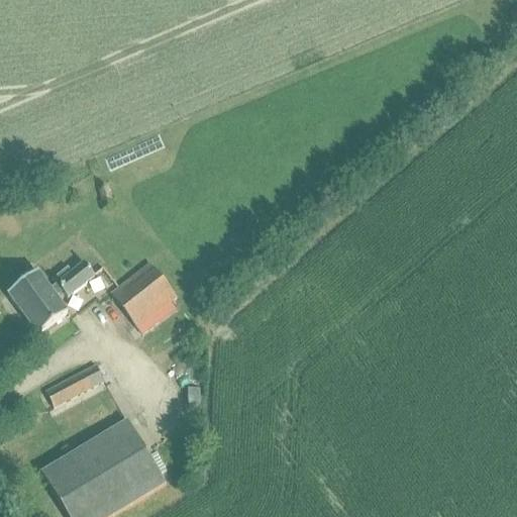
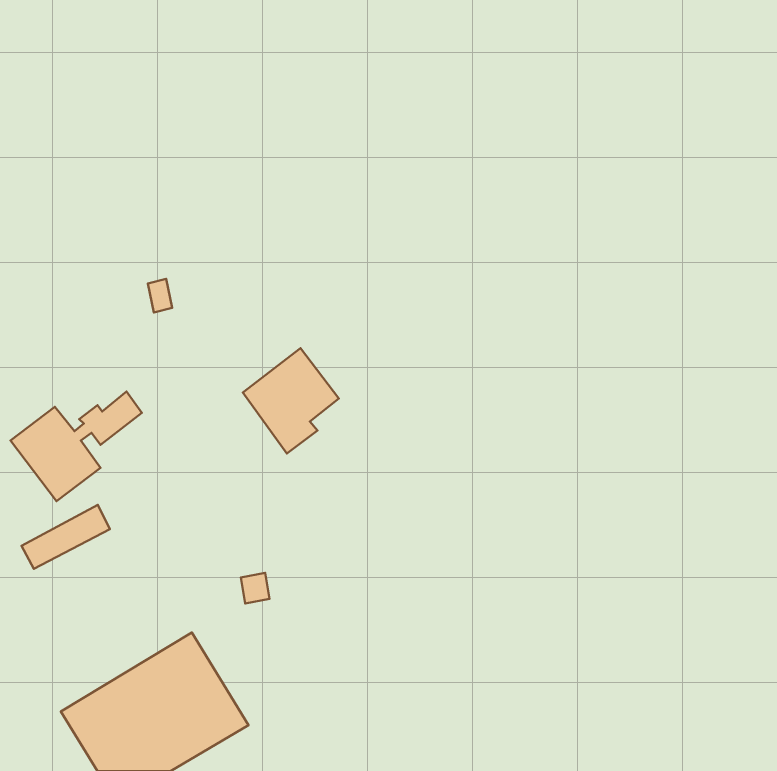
building: [112,262,176,331] -> [243,348,339,453]
building: [45,363,104,405] -> [22,505,110,569]

